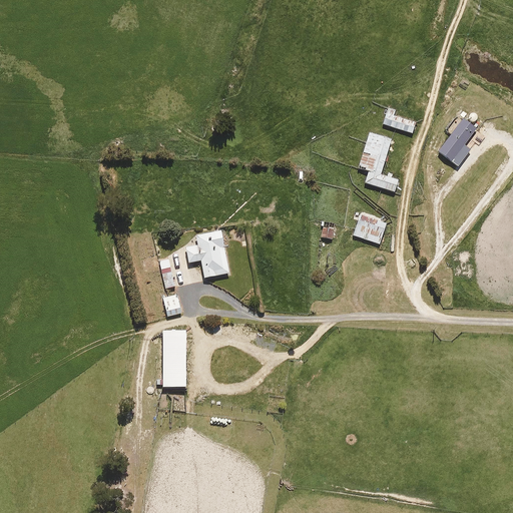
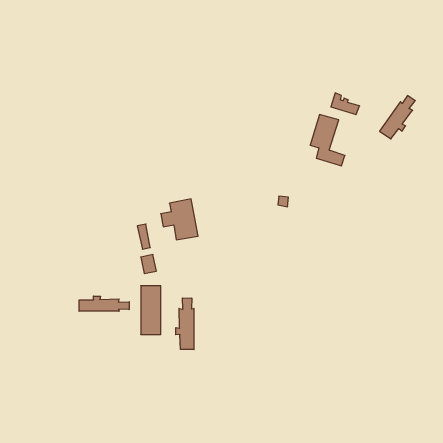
building: [353,214,385,243] -> none
building: none -> [79,296,129,311]
building: none -> [176,298,194,350]

